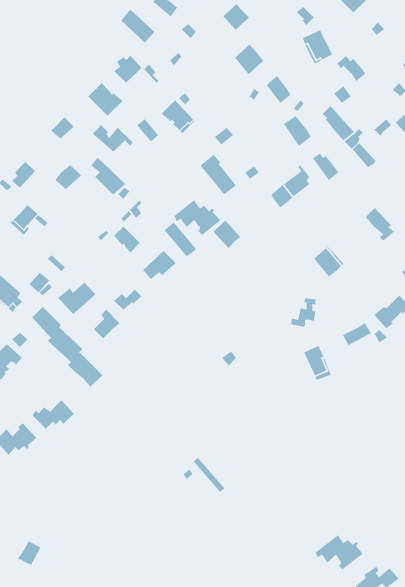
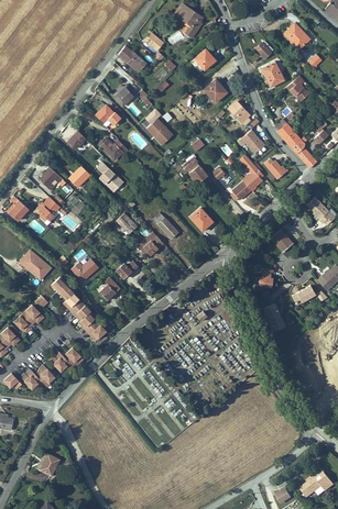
building: [173,199,221,236] -> none
building: [315,534,364,570] -> none

